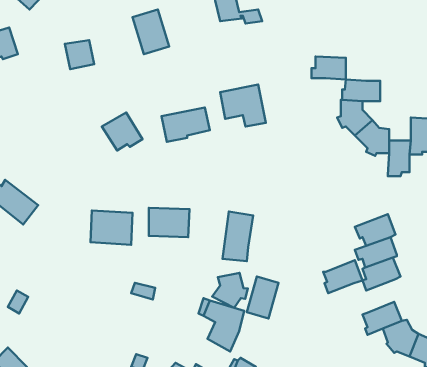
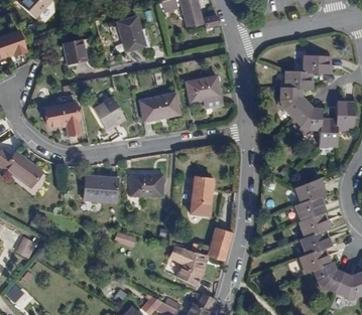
building: [312,57,346,79] -> [303,55,330,73]
building: none -> [46,102,80,133]
building: [323,260,363,293] -> [300,229,332,256]
building: [212,273,248,308] -> none

